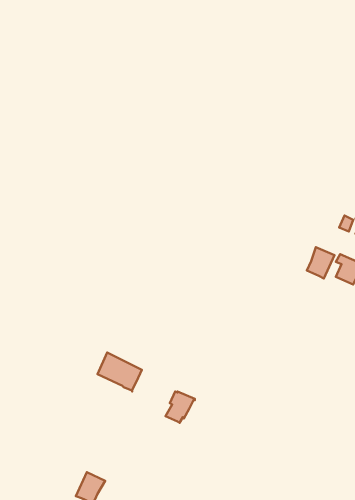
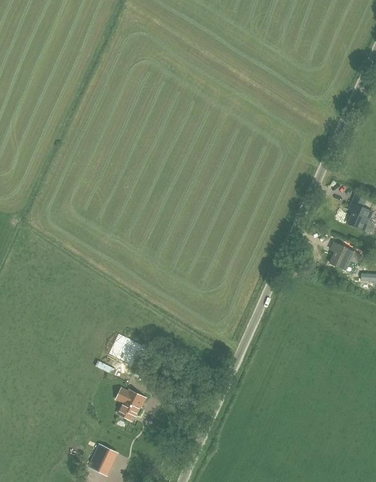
building: [307,247,334,278] -> none
building: [166,391,195,423] -> [118,390,145,419]

